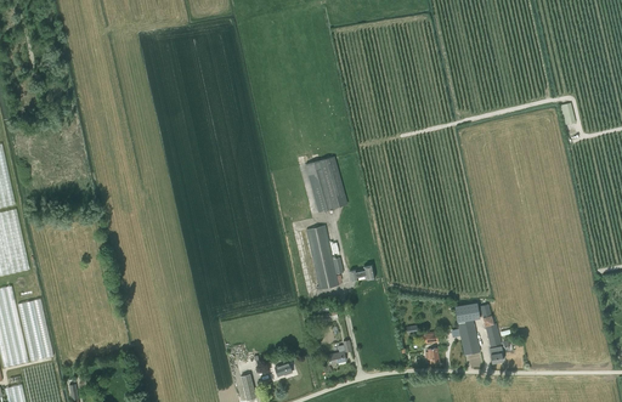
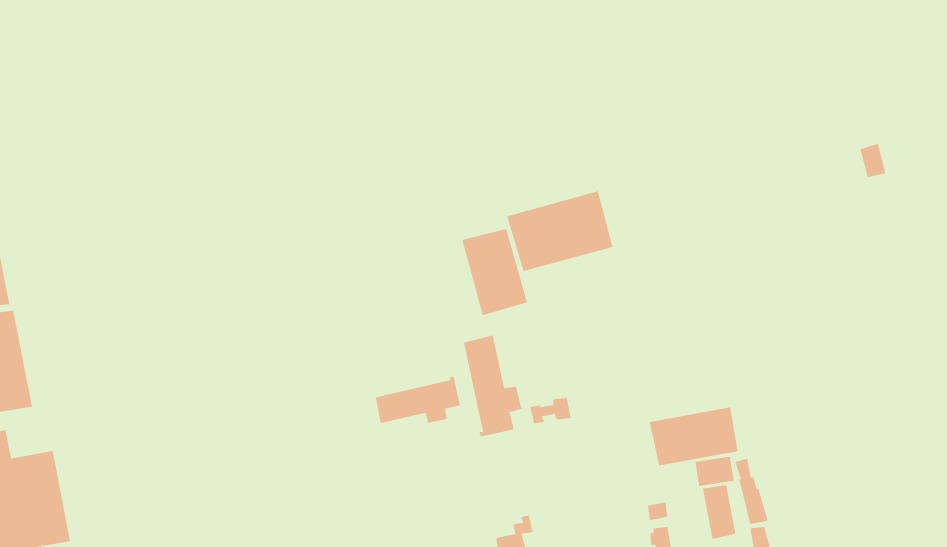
building: none -> [506,190,613,272]
building: none -> [375,376,460,424]
building: none -> [649,407,738,466]

